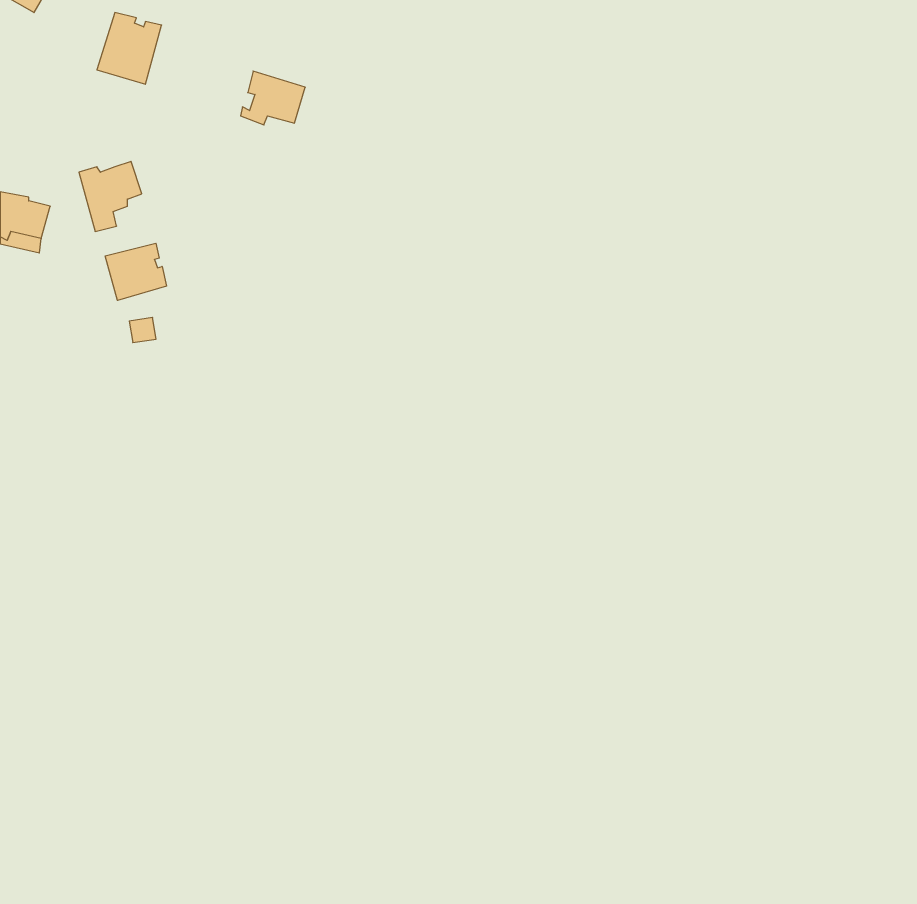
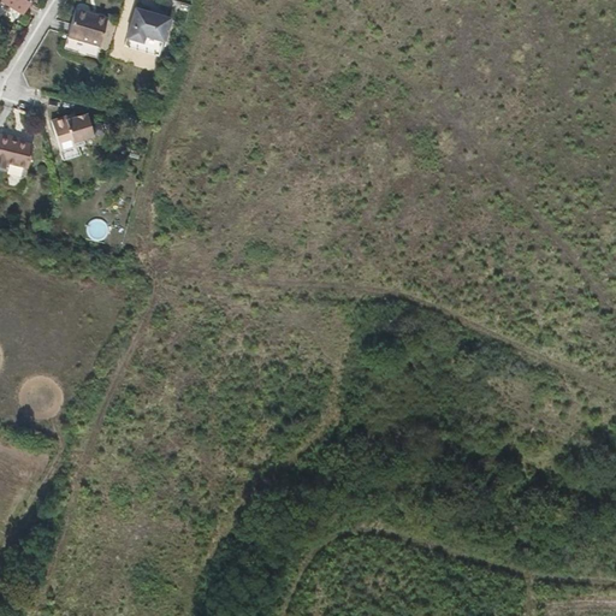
building: [241,71,305,125] -> [128,6,171,42]
building: [105,243,167,300] -> none

